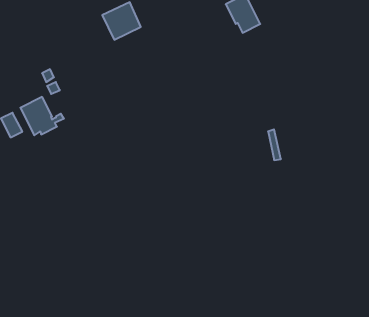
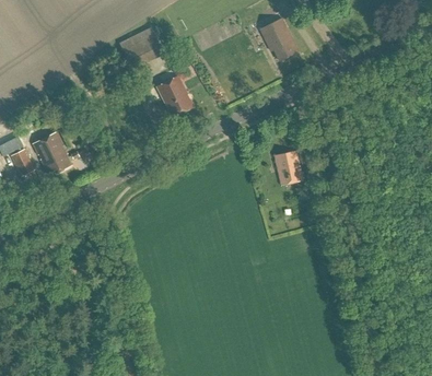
building: none -> [155,75,194,115]
building: none -> [273,149,302,185]

